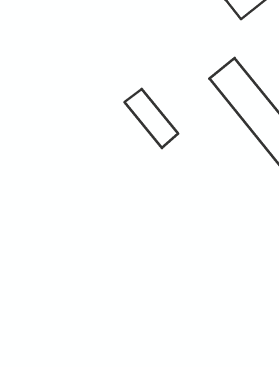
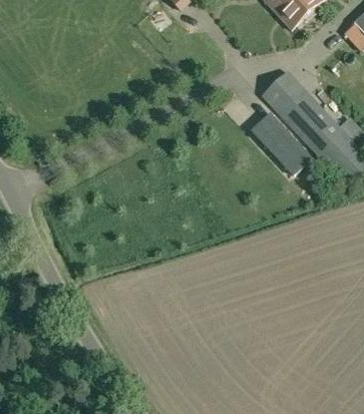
building: [125,89,178,148] -> [251,114,309,174]

